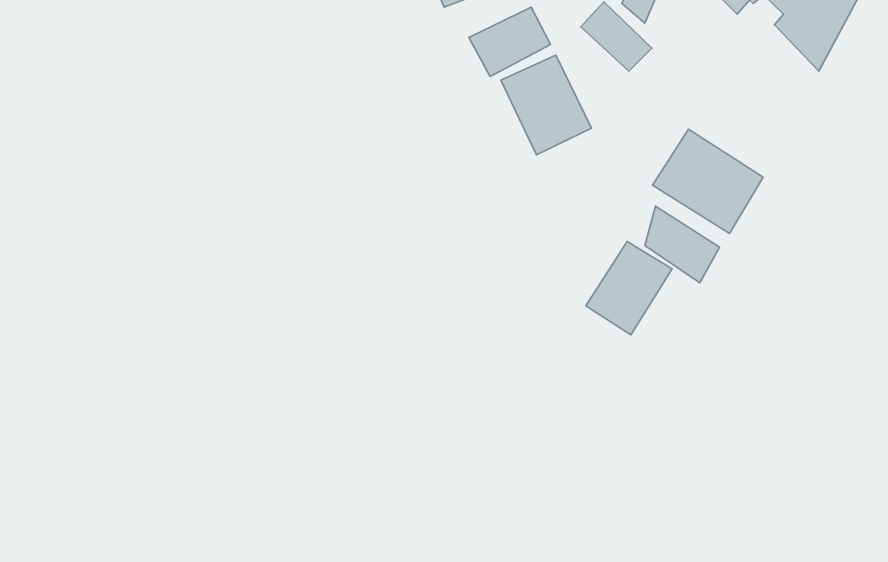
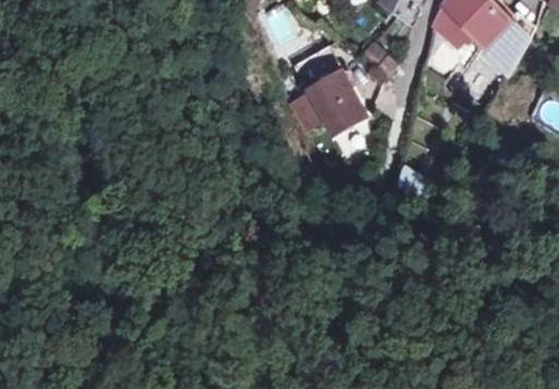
building: [653,129,763,234] -> none
building: [586,242,672,335] -> none

